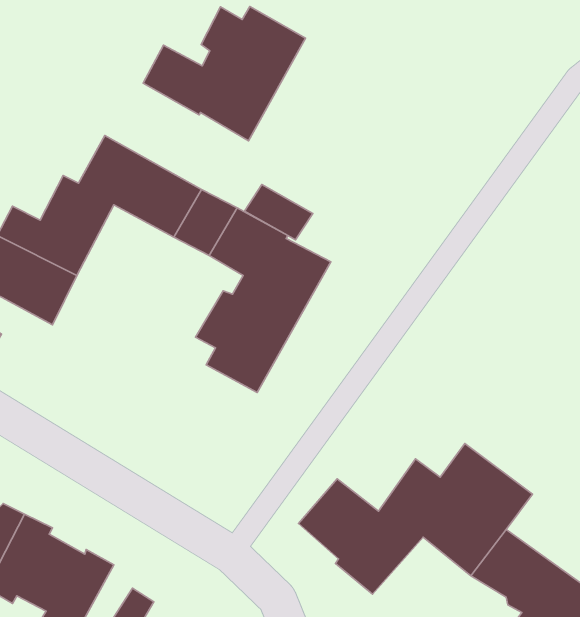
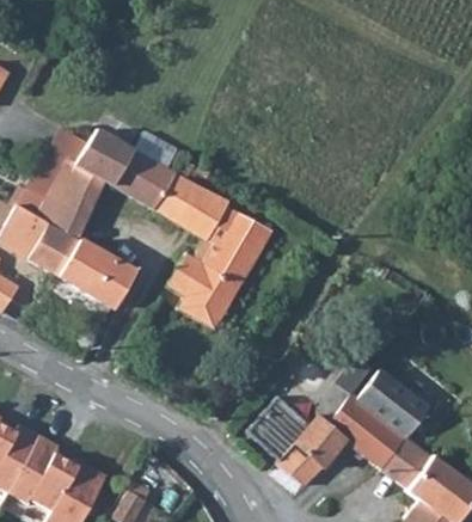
building: [143,6,306,141] -> none
building: [245,185,313,240] -> none
building: none -> [57,239,134,308]

